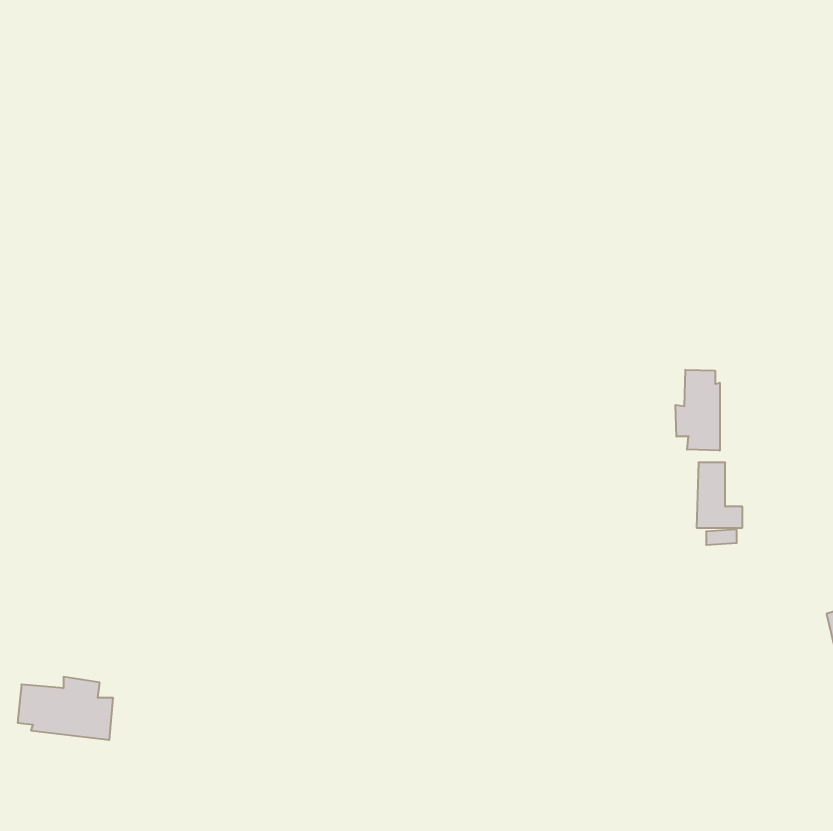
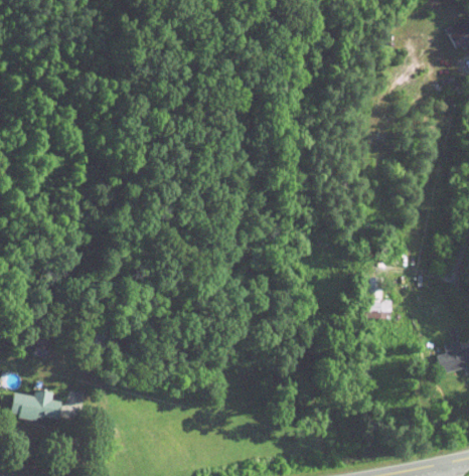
building: [676,370,720,451] -> none

